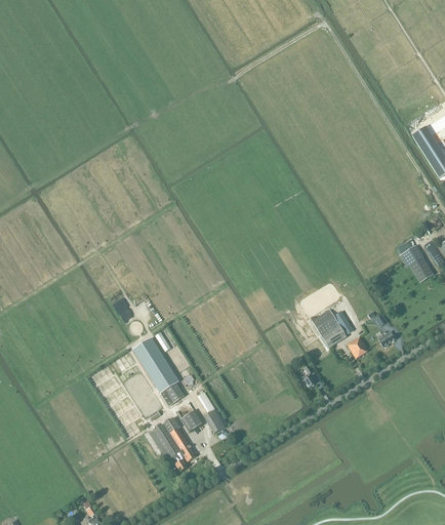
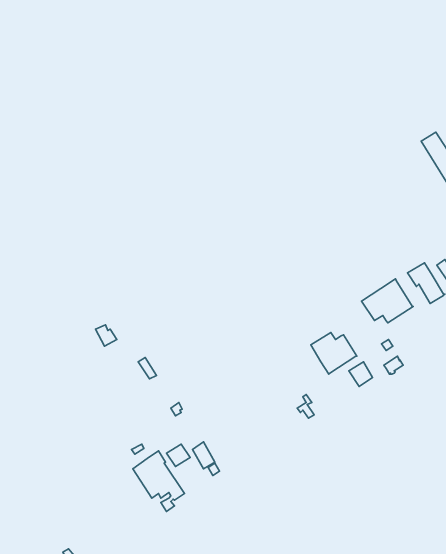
building: none -> [362,279,413,323]
building: [133,337,185,406] -> none

